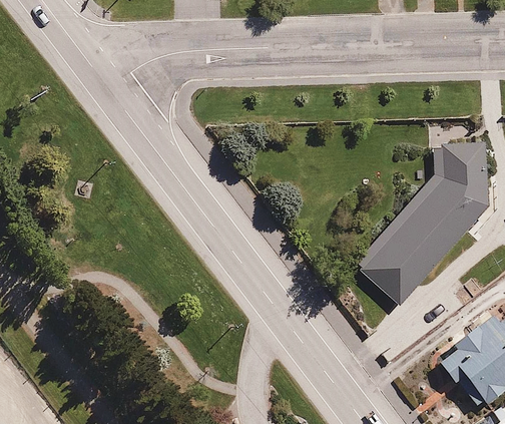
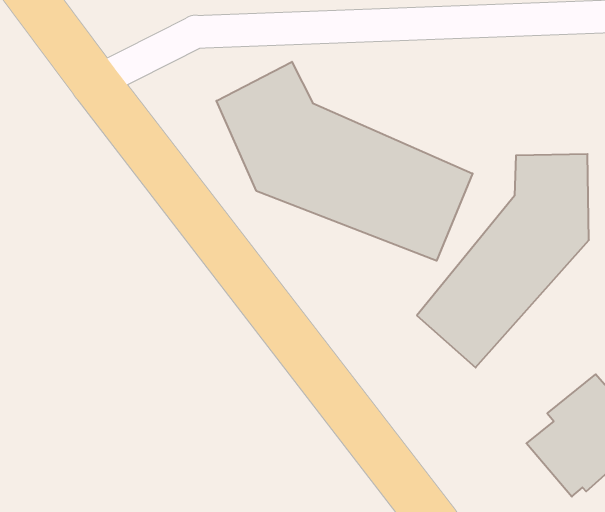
building: none -> [216,62,473,261]

